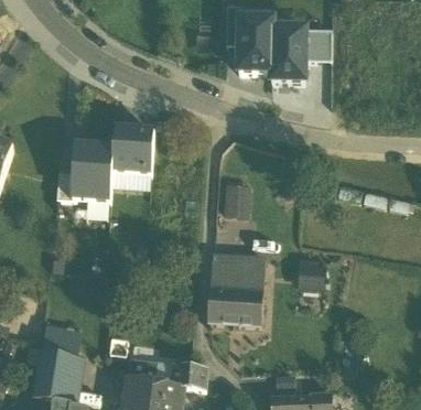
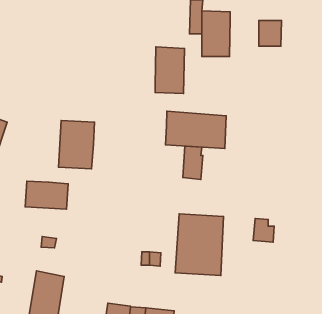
building: [270,26,304,80] -> [155,47,184,93]
building: [112,127,152,174] -> none
building: none -> [165,111,226,148]
building: none -> [25,181,68,209]

